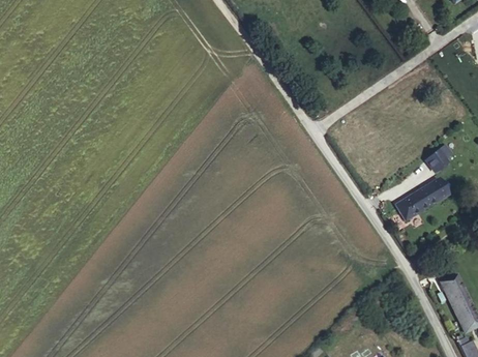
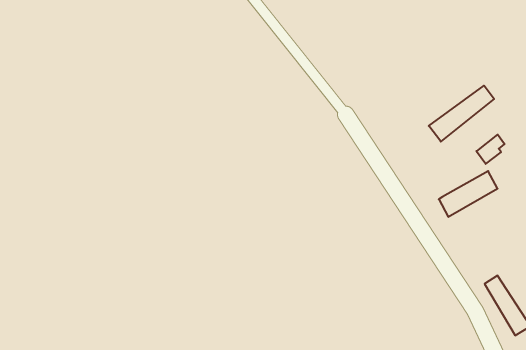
building: none -> [429,86,494,142]

